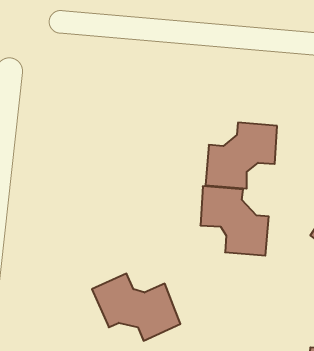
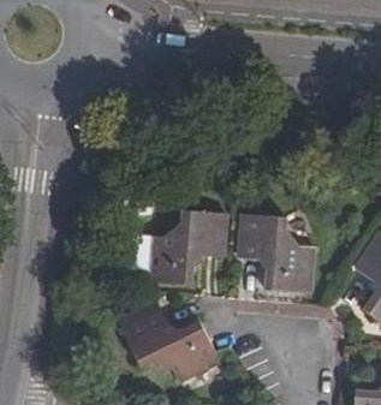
building: [205,123,277,189] -> [147,210,224,281]

